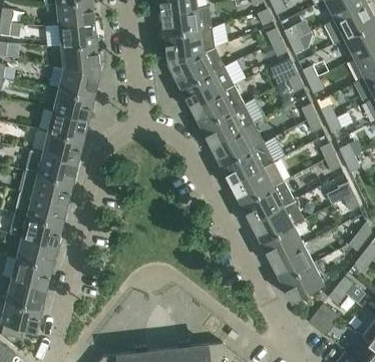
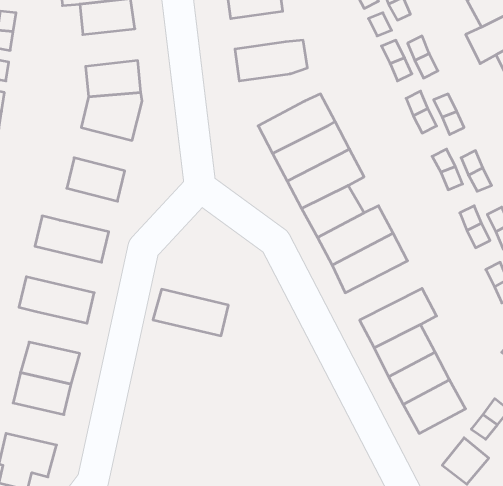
building: [161,8,200,34] -> none
building: [59,20,97,46] -> none
building: [167,51,213,87] -> none
building: [53,88,93,118] -> none
building: [43,130,83,160] -> none
building: [20,170,72,203] -> [153,289,228,336]
building: [241,180,294,222] -> none
building: [22,216,62,245] -> none
building: [6,279,46,308] -> none

